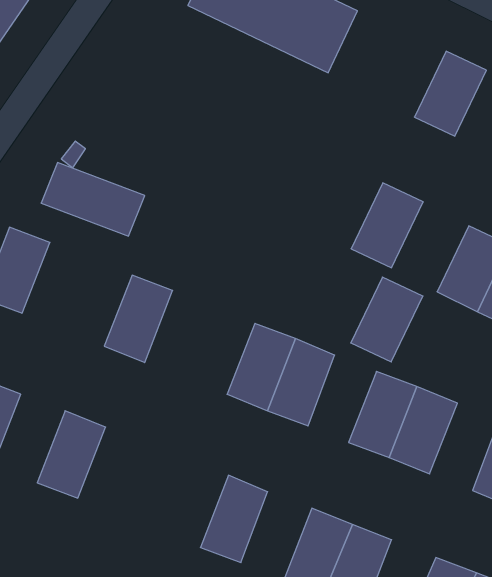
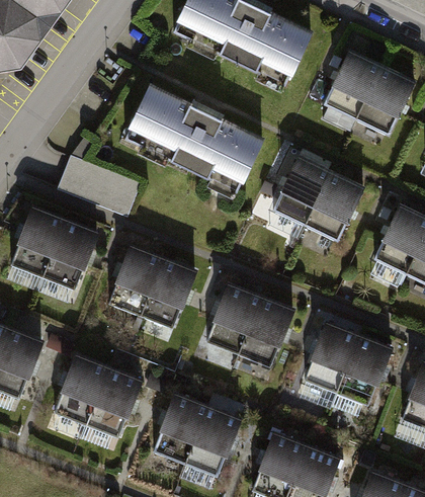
building: none -> [324,50,381,118]
building: none -> [127,86,260,190]
building: none -> [42,219,97,287]
building: [351,277,423,362] -> [273,156,331,224]
building: none -> [141,257,195,327]
building: none -> [87,366,141,435]
building: none -> [153,393,207,463]

